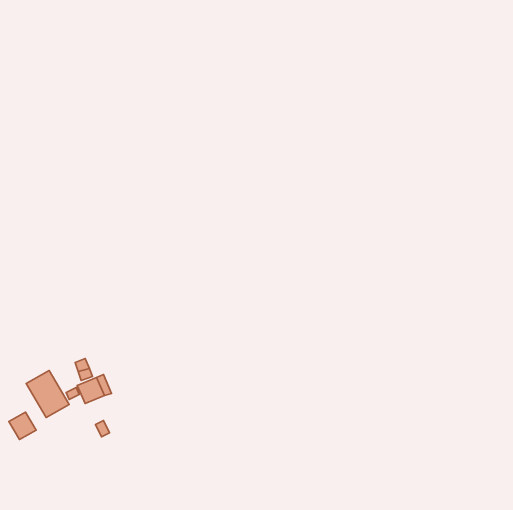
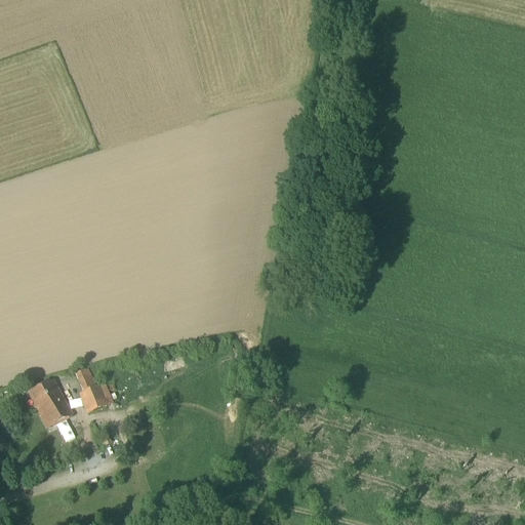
building: [9,412,36,440] -> none

